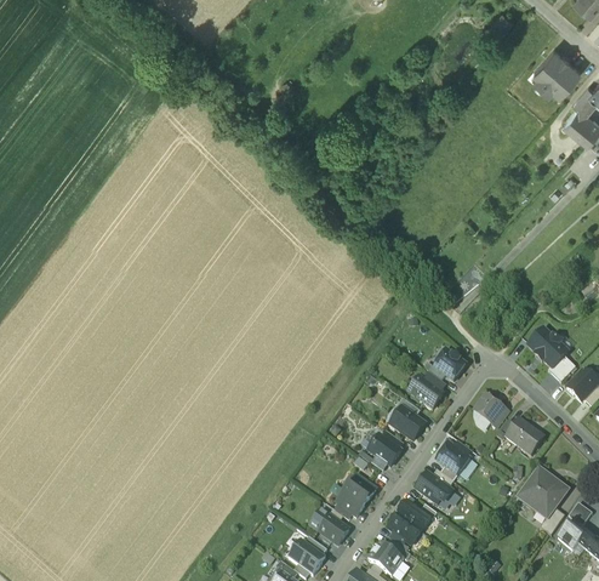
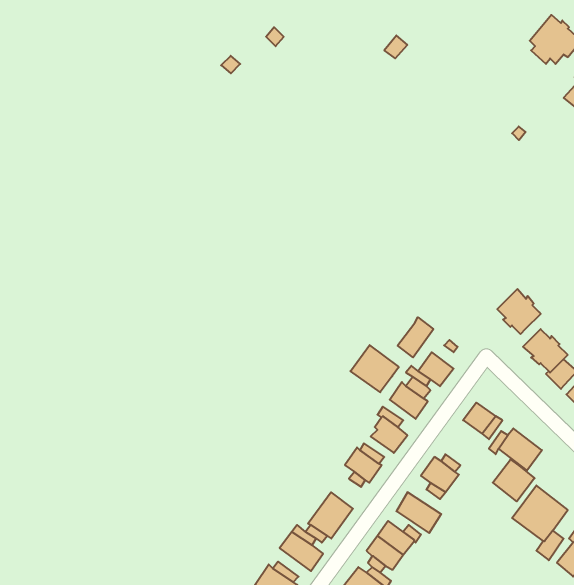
building: none -> [497,289,541,334]
building: none -> [398,317,433,357]
building: none -> [350,345,399,392]
building: none -> [493,459,535,501]

